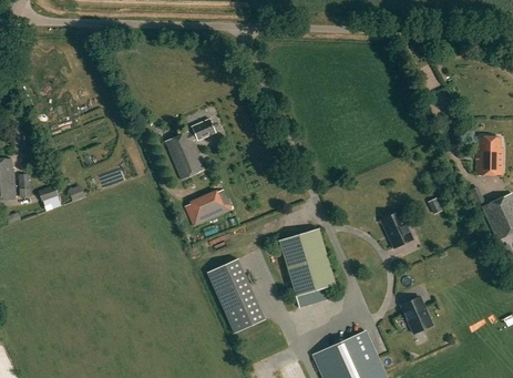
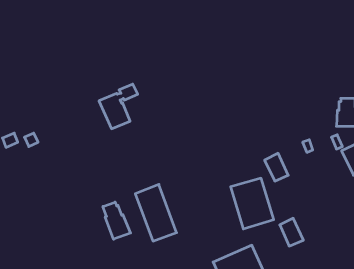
building: [182,187,232,225] -> none
building: [278,228,335,295] -> [231,178,274,229]
building: none -> [103,202,131,239]

